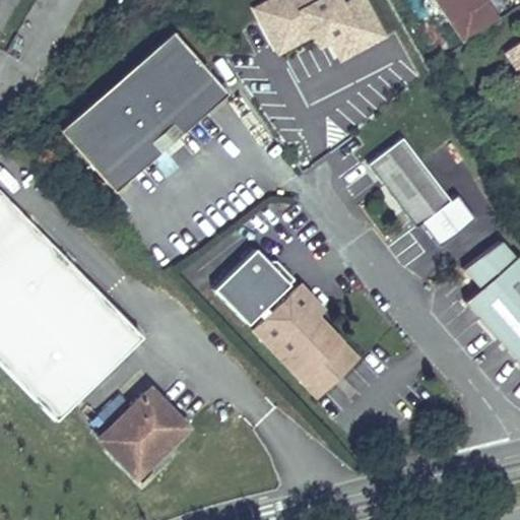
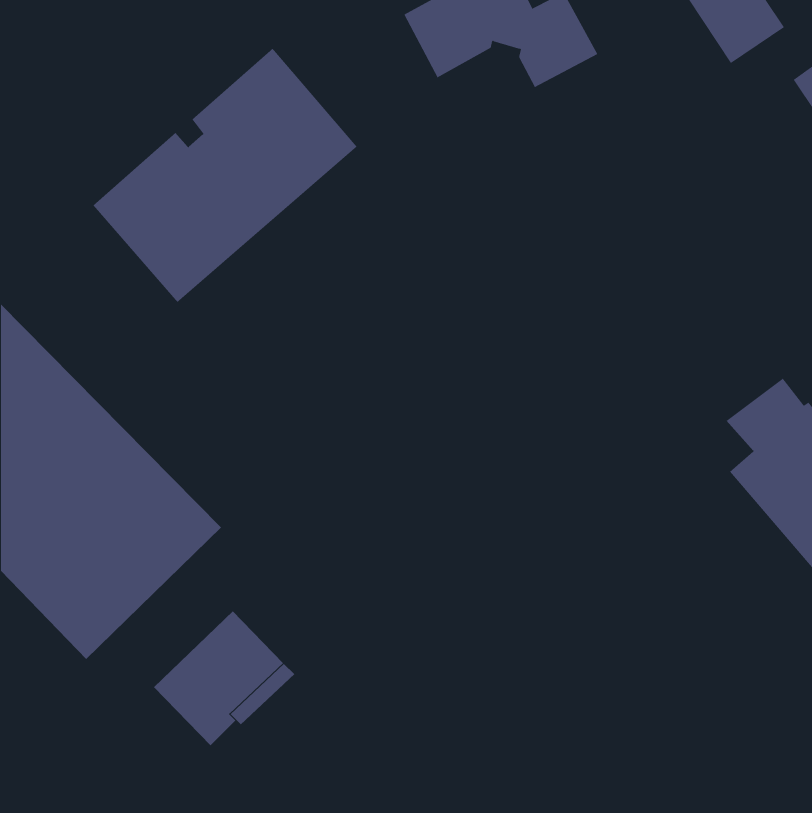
building: [369,137,475,246] -> none
building: [208,244,287,323] -> none
building: [254,283,359,396] -> none

